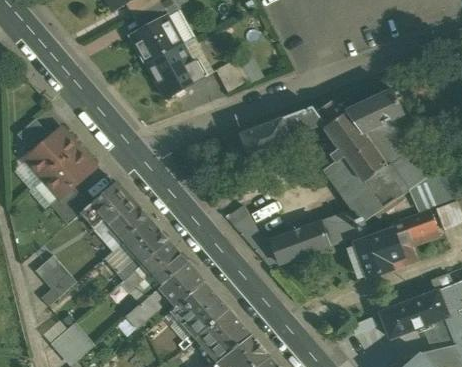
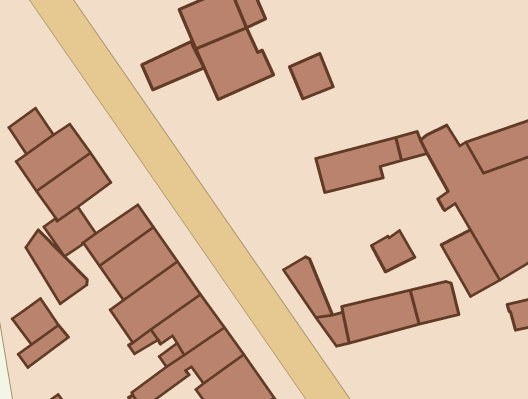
building: none -> [142,42,204,90]
building: [326,155,358,186] -> [372,231,415,272]
building: none -> [26,230,87,304]
building: [355,229,402,276] -> none

